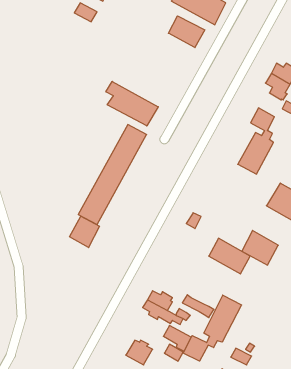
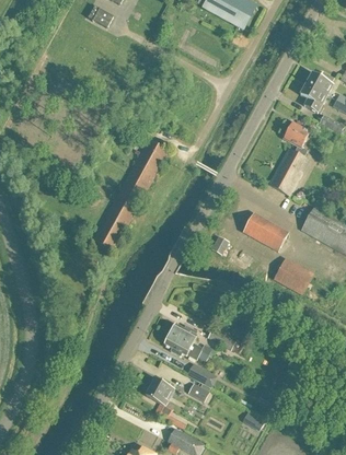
building: [168,16,205,48] -> none
building: [106,81,158,126] -> none
building: [70,216,99,248] -> none
building: [209,238,250,274] -> [243,212,289,252]
building: [183,295,242,361] -> none

